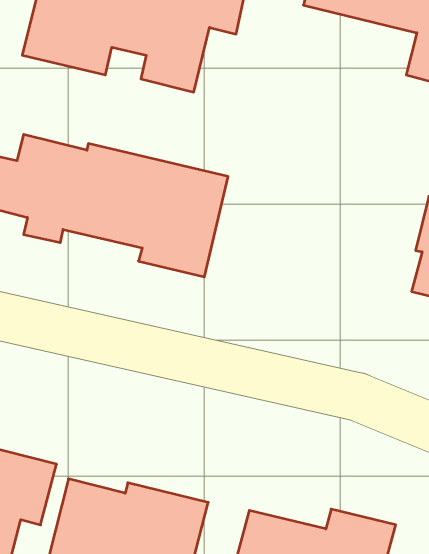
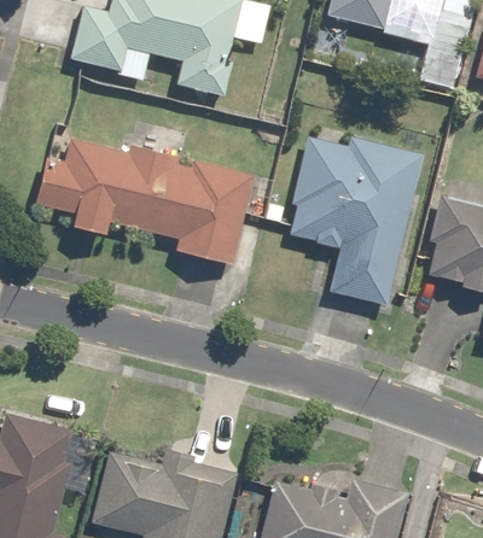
building: none -> [289,135,425,305]

